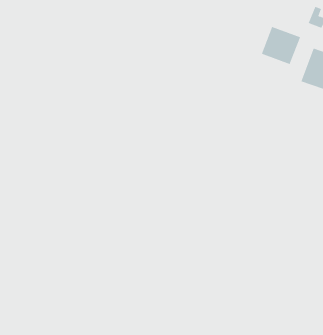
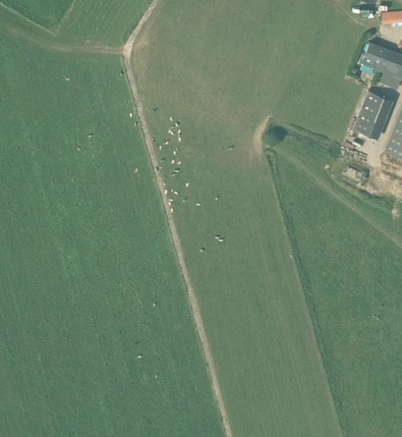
building: [261,26,301,65] -> none

